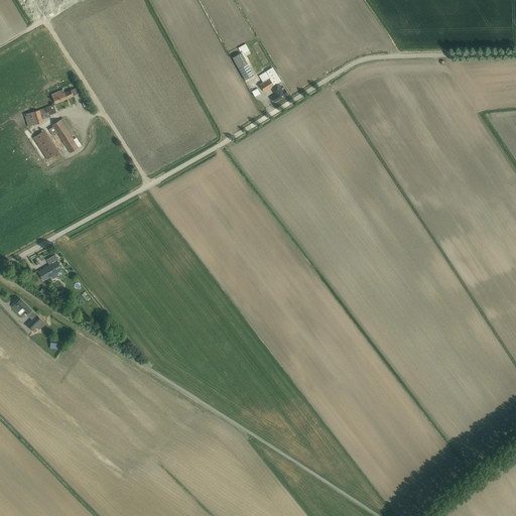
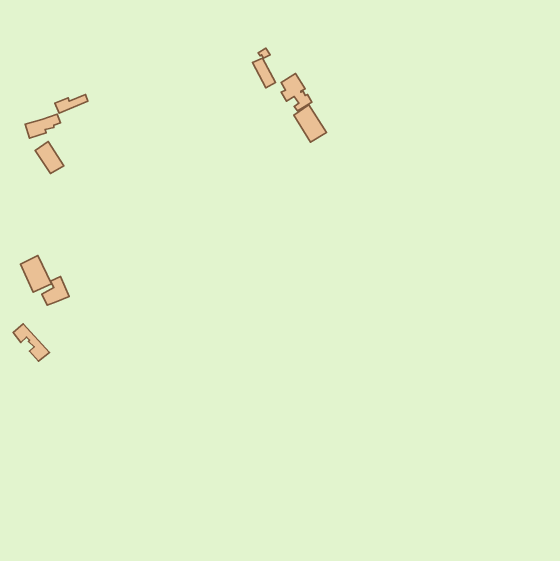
building: none -> [294,105,327,142]
building: [48,118,81,153] -> none
building: none -> [21,255,51,292]

